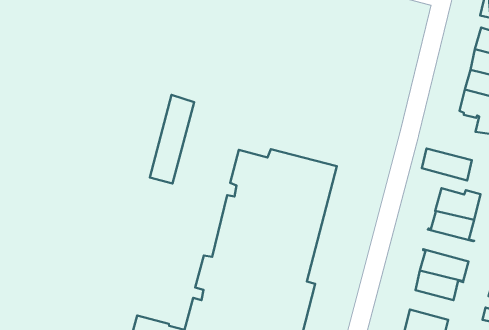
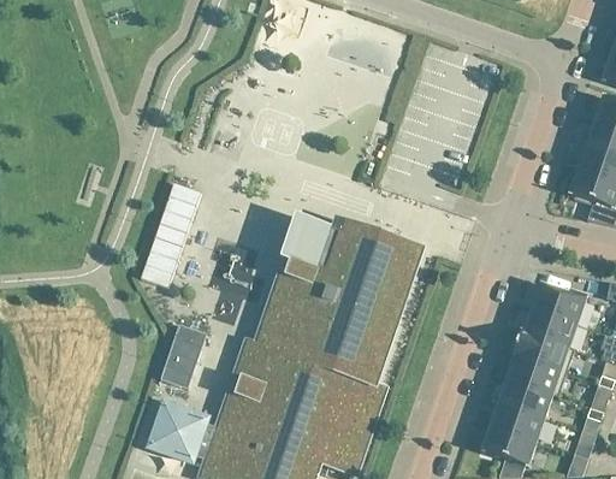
building: [150,95,194,184] -> [140,181,200,286]
building: [422,149,472,181] -> [513,331,573,373]
building: none -> [159,324,206,388]
building: none -> [491,402,544,440]

